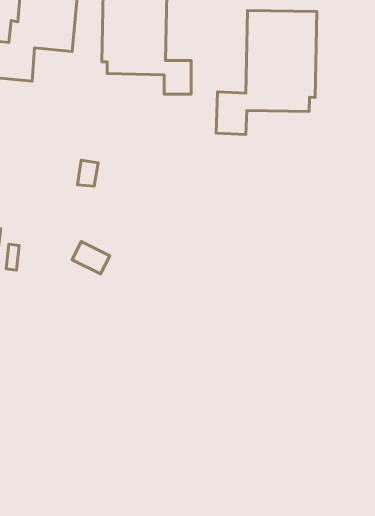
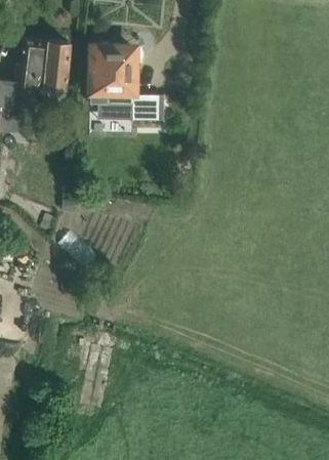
building: [216,11,317,134] -> none

